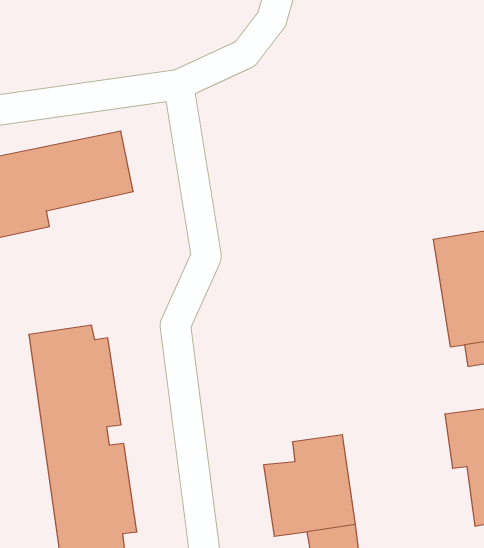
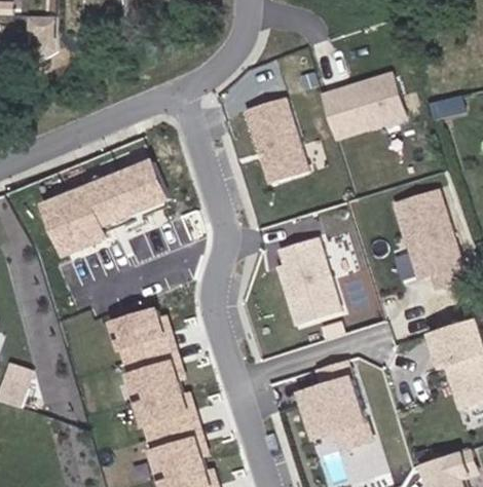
building: none -> [323,71,408,140]
building: none -> [242,95,310,186]
building: none -> [270,236,343,329]

